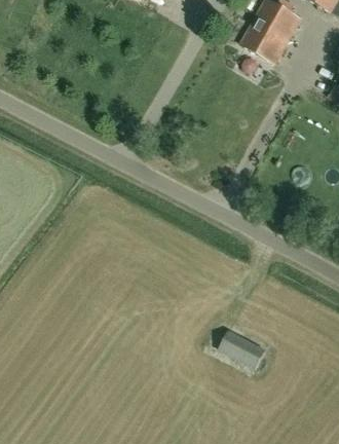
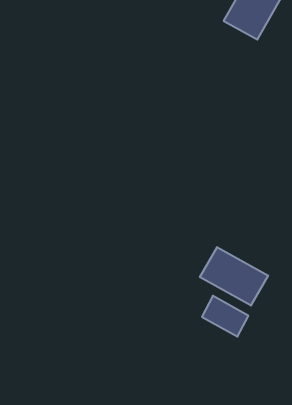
building: none -> [200,247,268,306]

